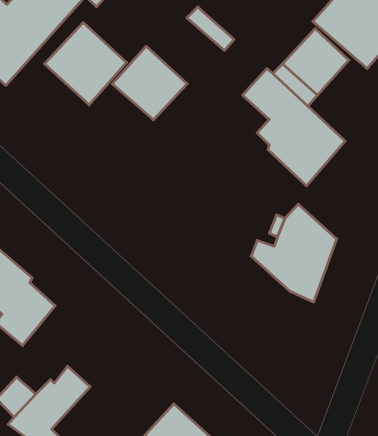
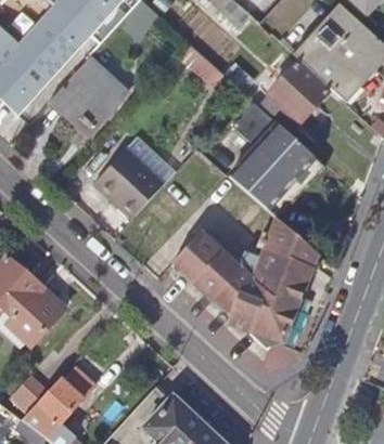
building: [112,46,187,120] -> [97,149,164,216]
building: none -> [229,157,290,218]
building: none -> [172,232,296,347]

